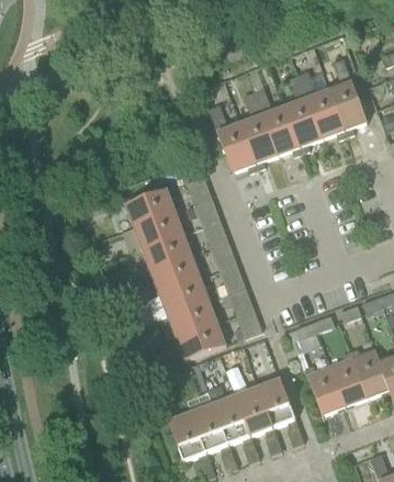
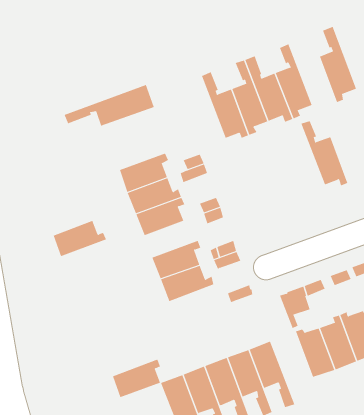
building: [297,71,346,138] -> [301,120,348,186]
building: none -> [64,84,154,126]
building: [150,255,205,292] -> [53,220,107,257]
building: [176,320,225,359] -> [112,359,161,398]

